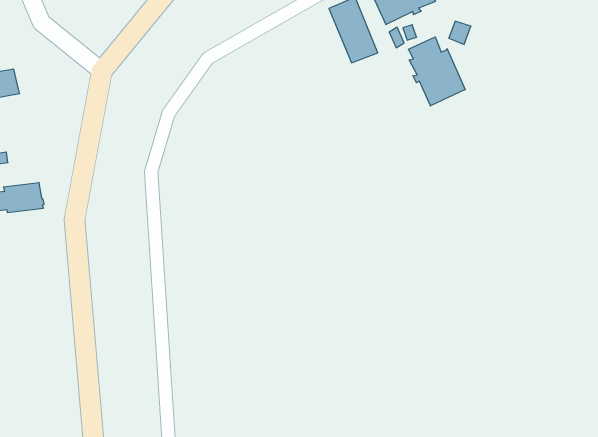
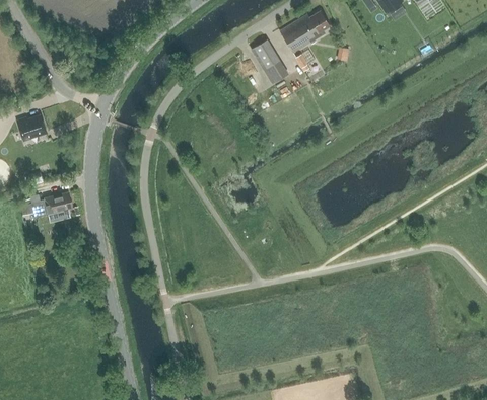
building: [408,37,465,106] -> none

